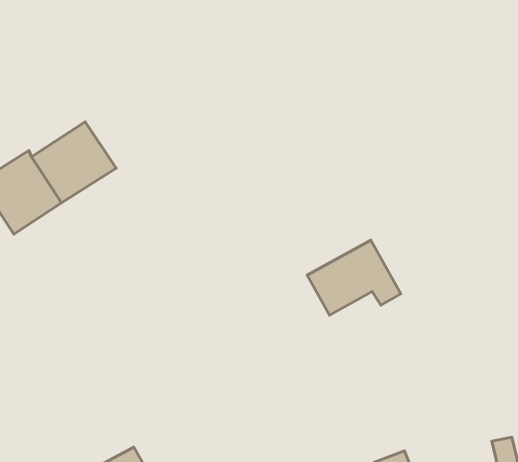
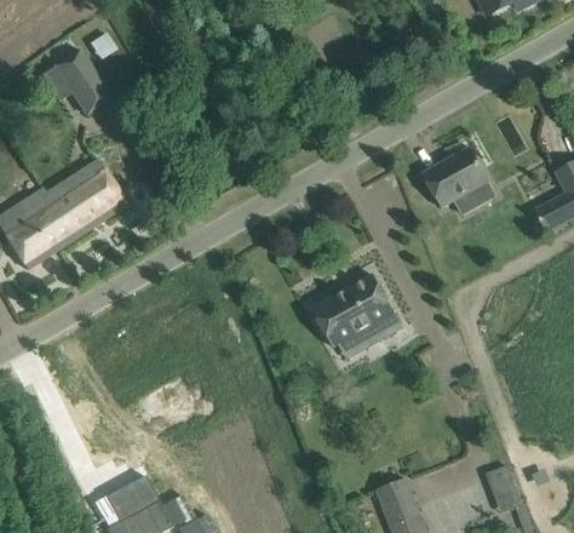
building: none -> [41,52,108,115]
building: none -> [423,147,495,213]

